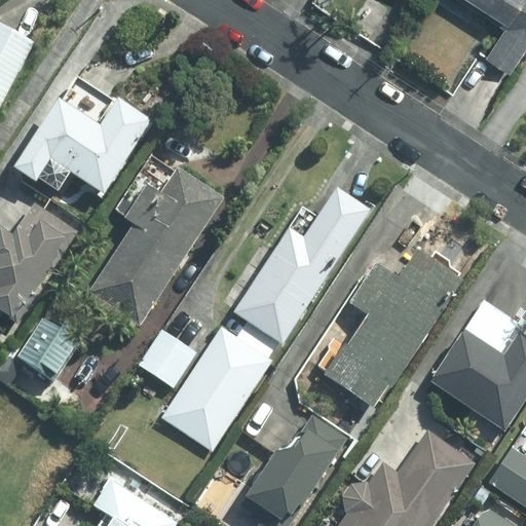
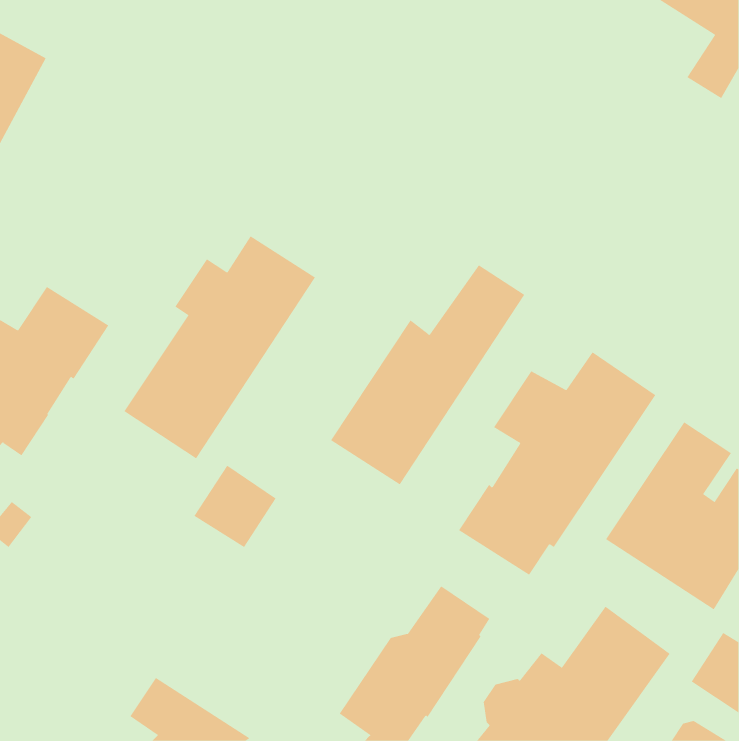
building: [13,97,152,193] -> none
building: [16,318,79,381] -> none
building: [160,326,271,451] -> none

